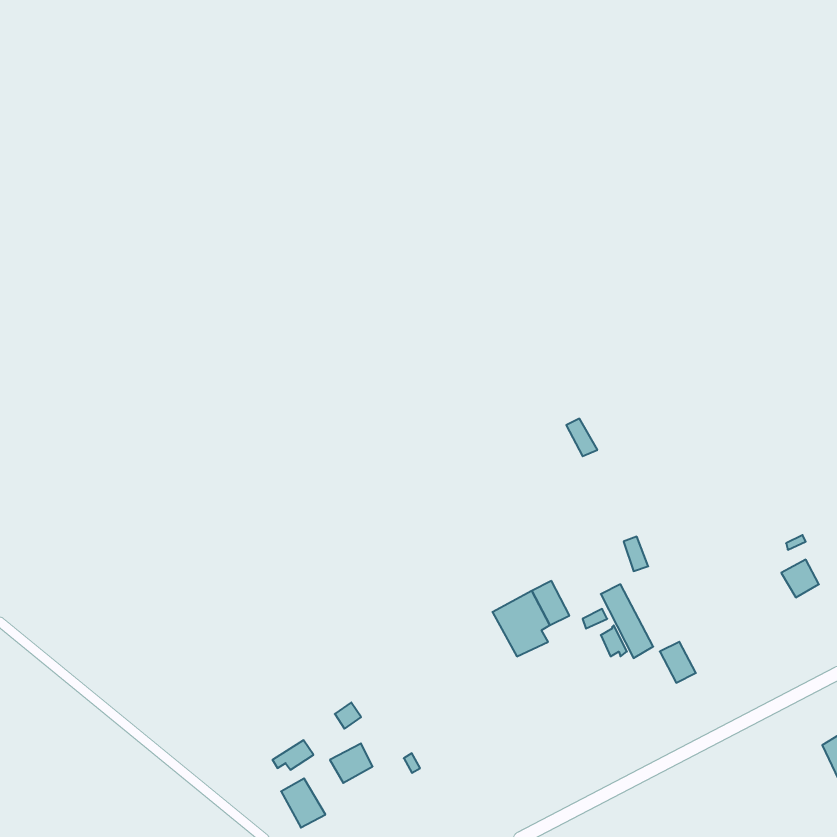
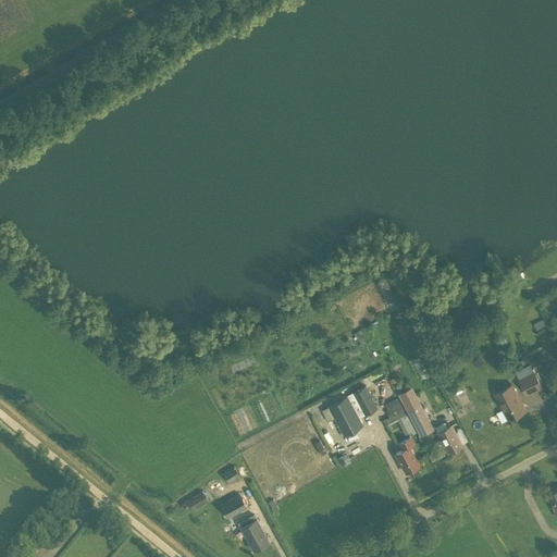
building: none -> [496,386,527,421]
building: none -> [396,438,420,474]
building: [281,778,325,828] -> [242,519,271,552]

